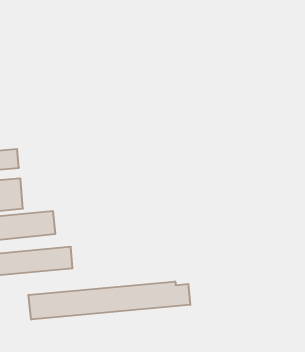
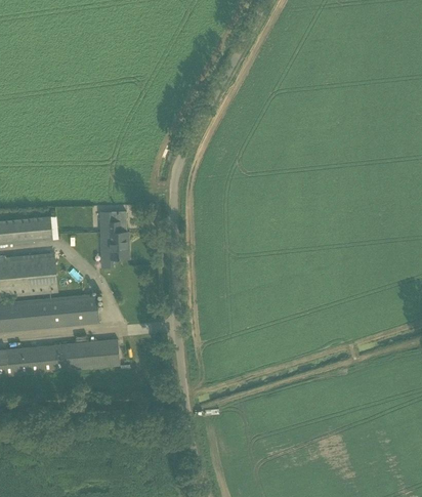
building: none -> [99,211,128,259]
building: [29,281,190,320] -> none

